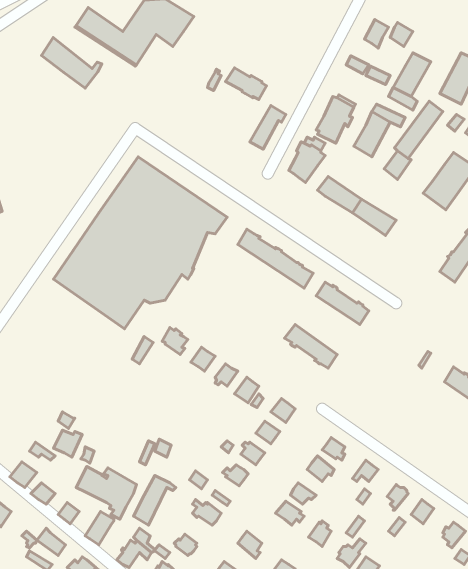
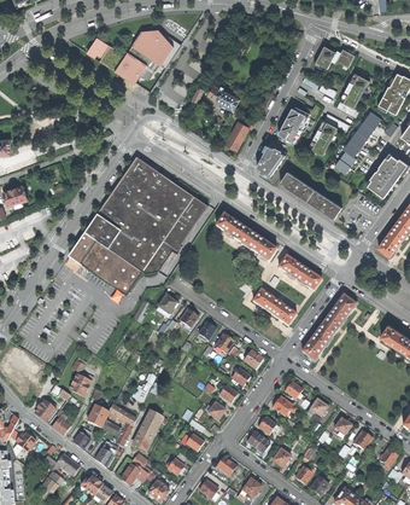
building: [42,38,102,88] -> none
building: none -> [303,295,355,360]

